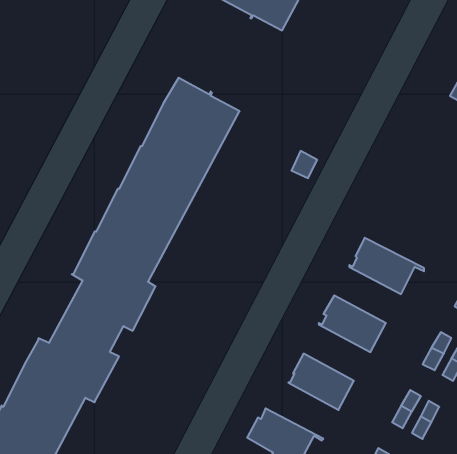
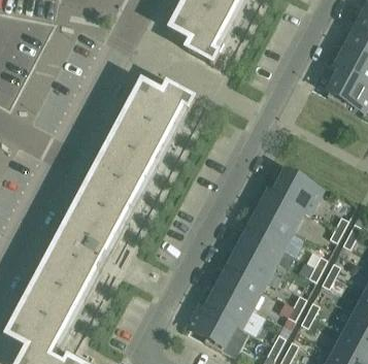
building: none -> [269,164,321,208]
building: none -> [248,207,294,245]
building: none -> [228,246,273,285]
building: none -> [202,286,252,324]

